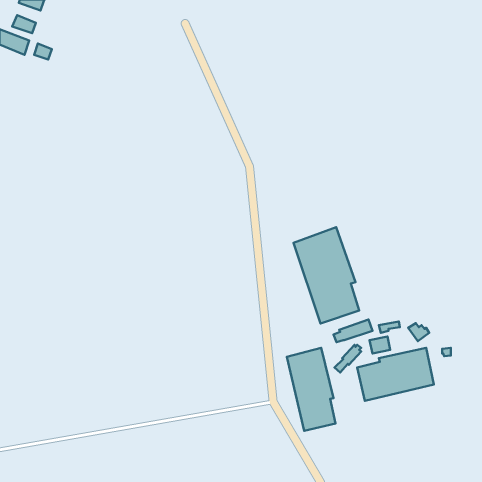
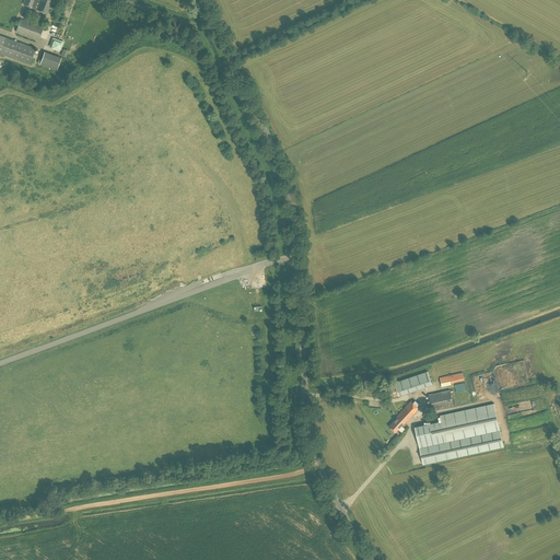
building: [293,227,359,323] -> none
building: [287,348,335,431] -> none

